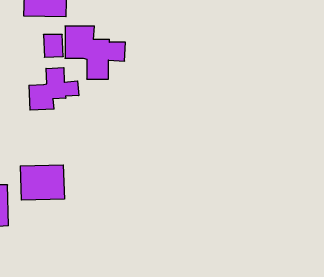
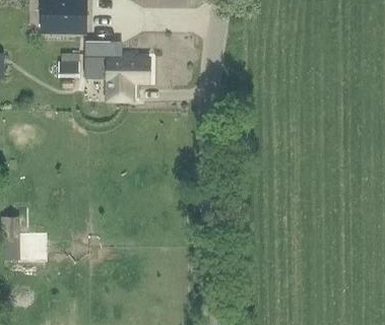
building: [29,68,79,110] -> none
building: [20,165,64,200] -> none

